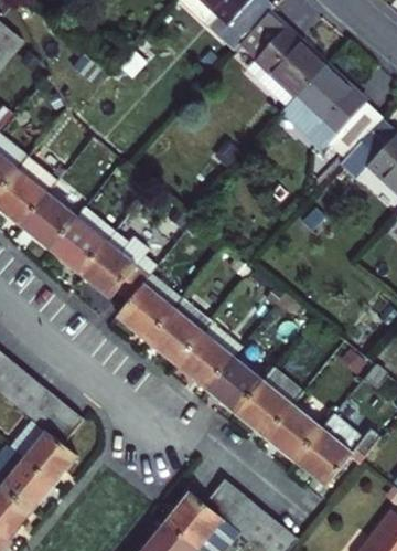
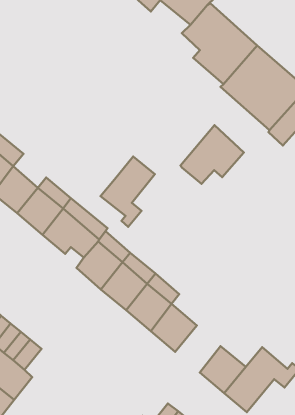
building: none -> [180,125,244,184]
building: none -> [101,157,155,227]
building: [236,378,299,444] -> none

